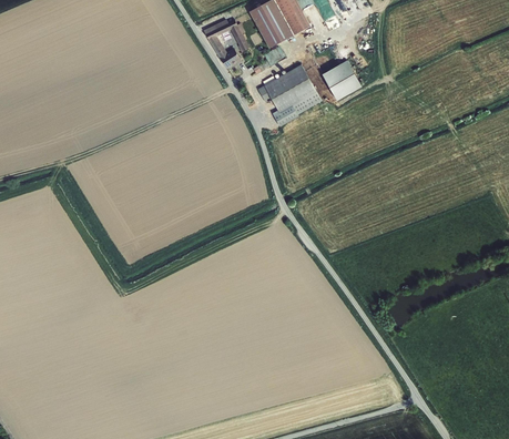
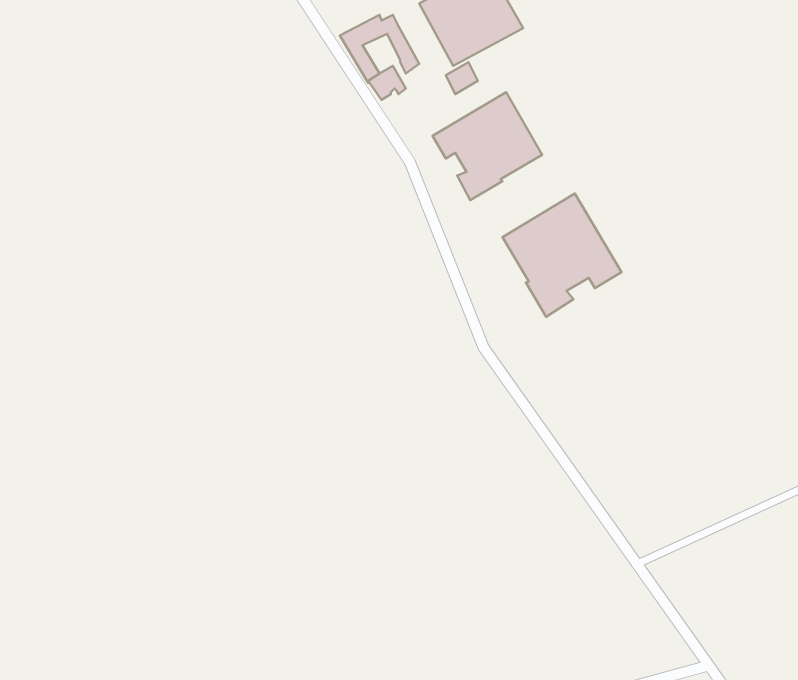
building: [320,61,360,101] -> none
building: none -> [503,194,621,317]

